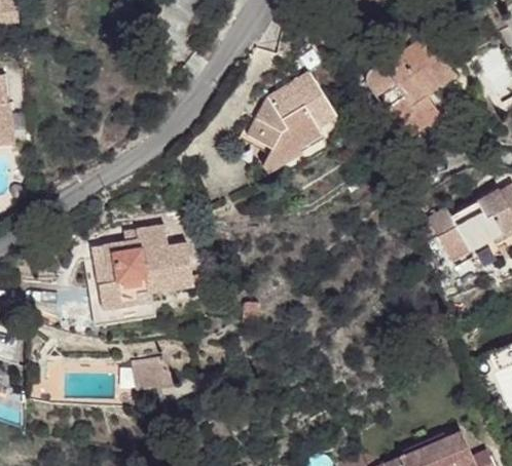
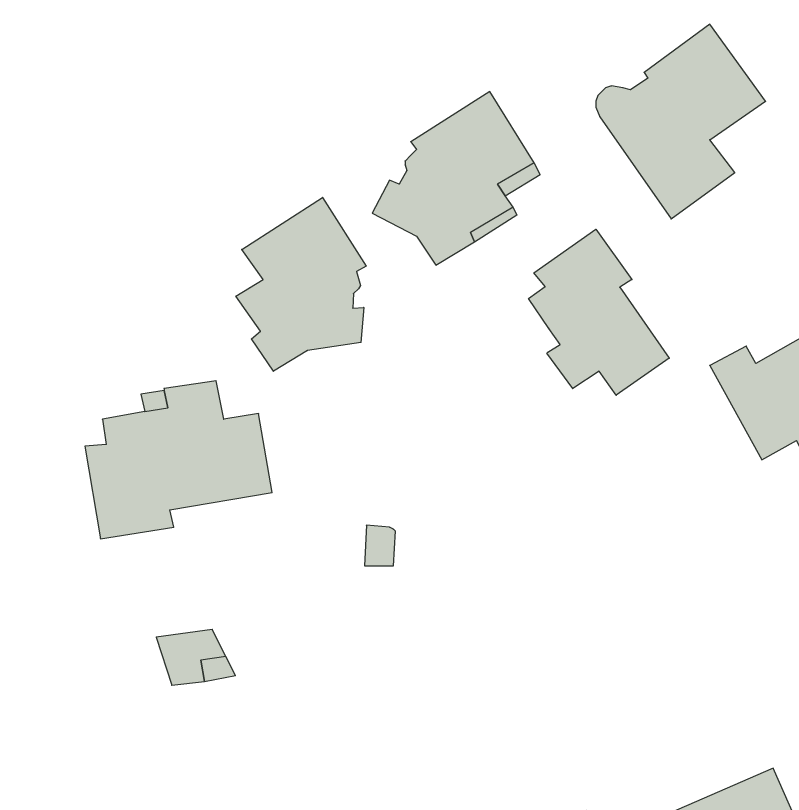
building: none -> [236,197,366,371]
building: none -> [529,229,669,395]

